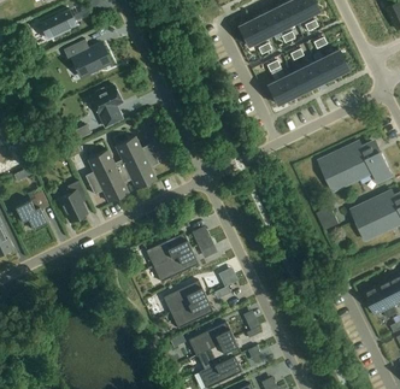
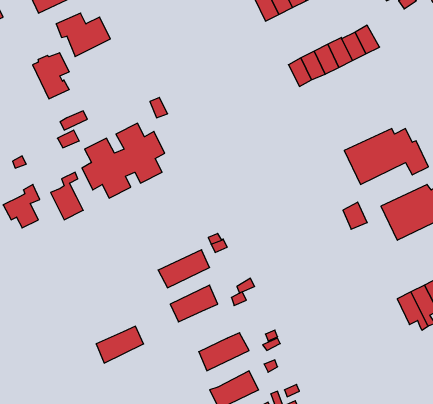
building: [90,86,123,126] -> [33,53,69,99]
building: [146,232,192,266] -> none
building: [171,296,213,329] -> [96,326,144,363]
building: [199,337,241,370] -> none

